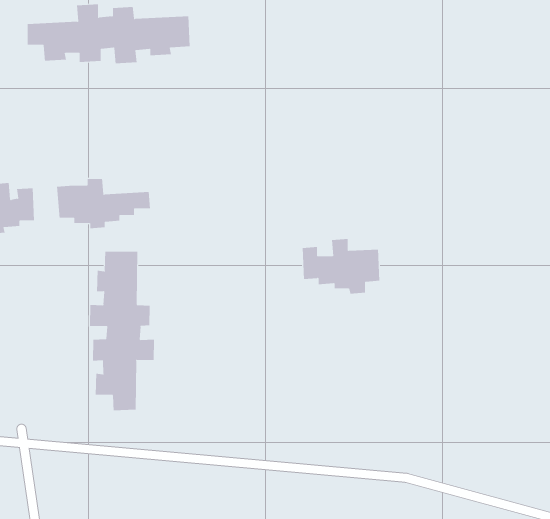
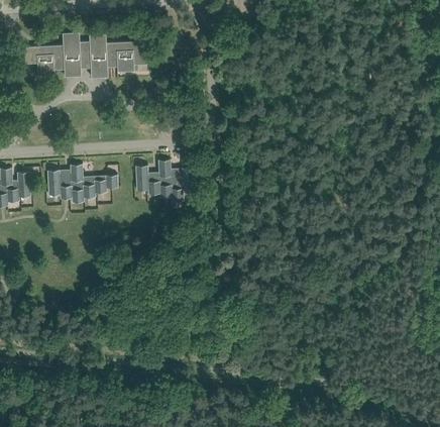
building: [302,238,380,294] -> [135,158,195,201]
building: [89,251,155,411] -> none

